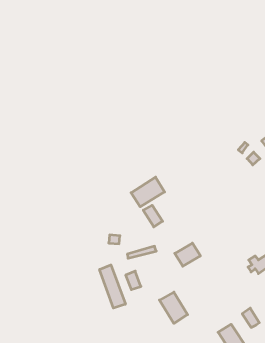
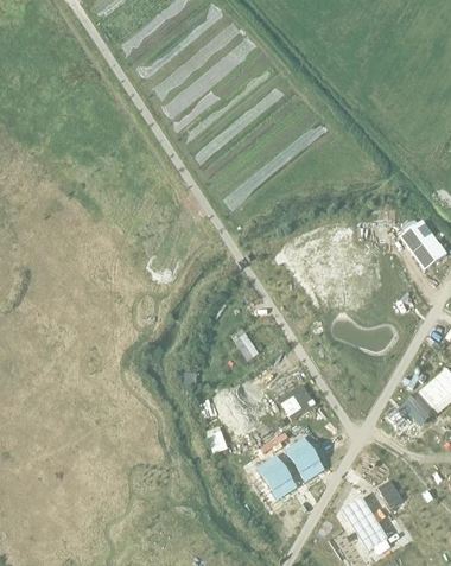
building: [131,177,165,207] -> none
building: [100,265,125,308] -> none
building: none -> [284,435,324,482]

